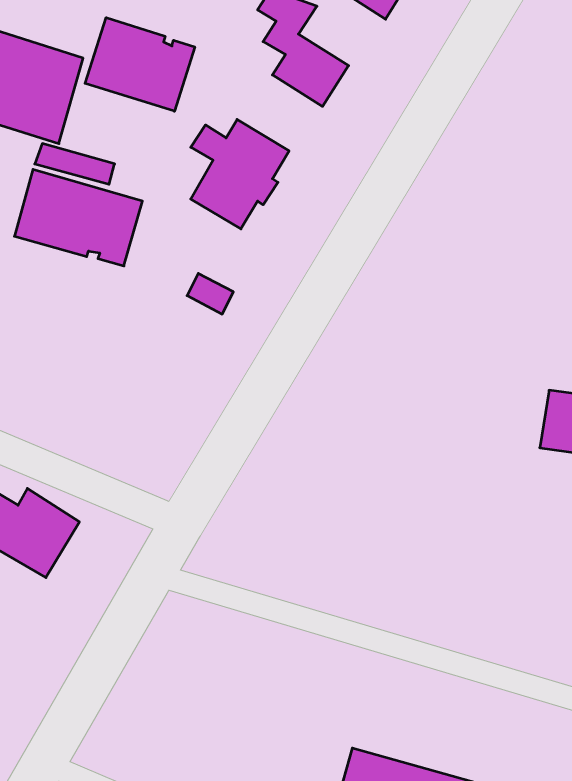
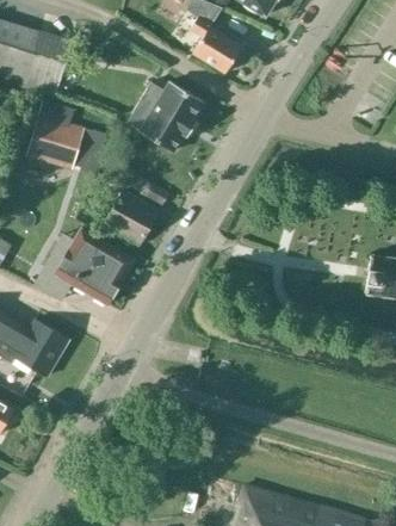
building: [85,18,195,111] -> none
building: none -> [106,192,159,245]
building: none -> [54,229,132,305]

